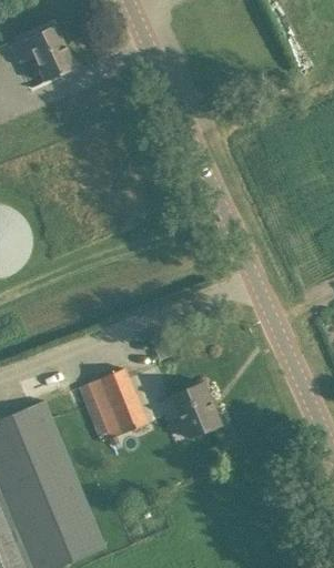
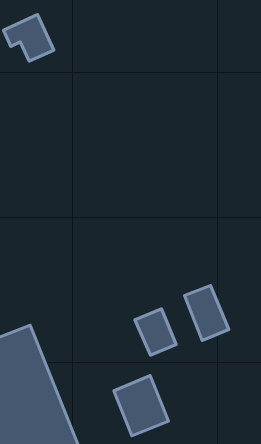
building: none -> [184,285,229,341]
building: [79,368,145,442] -> [114,375,168,436]

